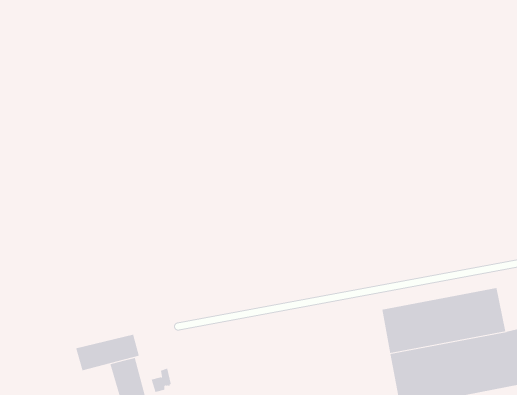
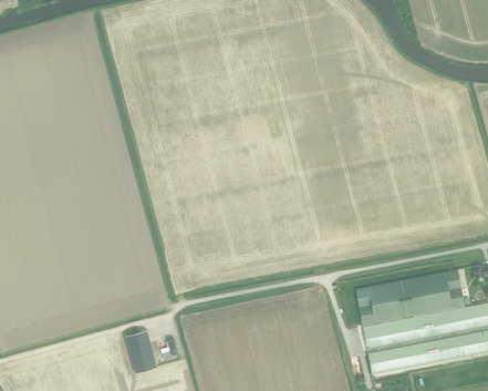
building: [75,334,139,371] -> none

